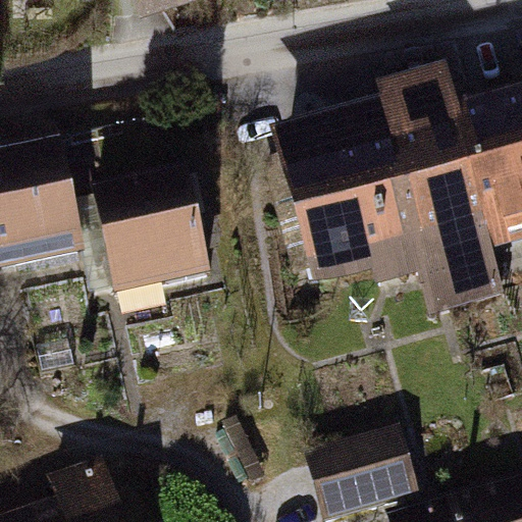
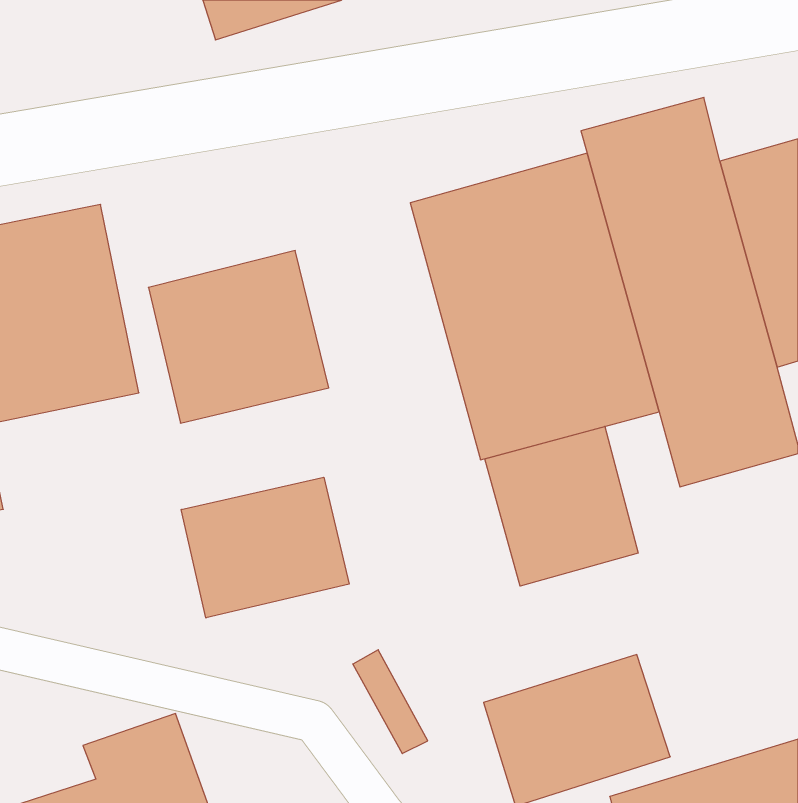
building: none -> [485,426,638,586]
building: none -> [181,477,349,618]

